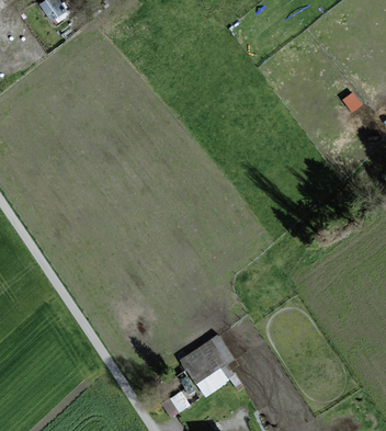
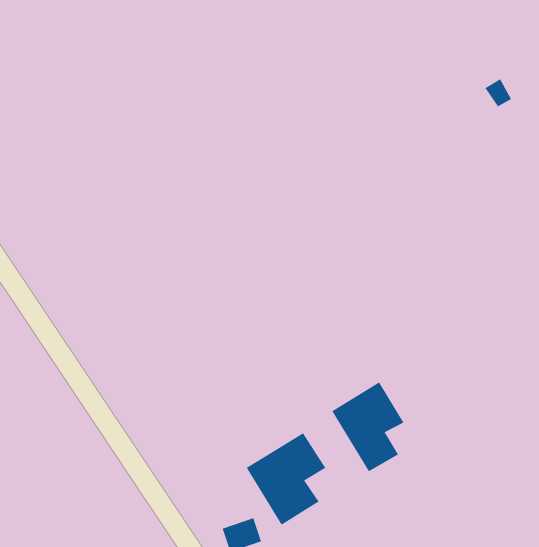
building: none -> [331,381,404,472]

